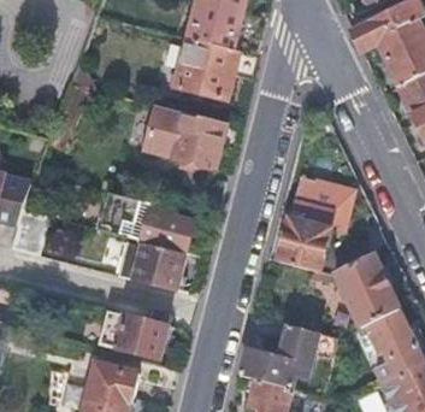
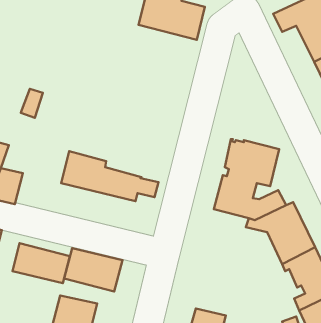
building: [176,40,258,102] -> none
building: [142,105,240,169] -> none
building: [117,242,185,290] -> [13,243,70,283]
building: [238,325,338,389] -> none

